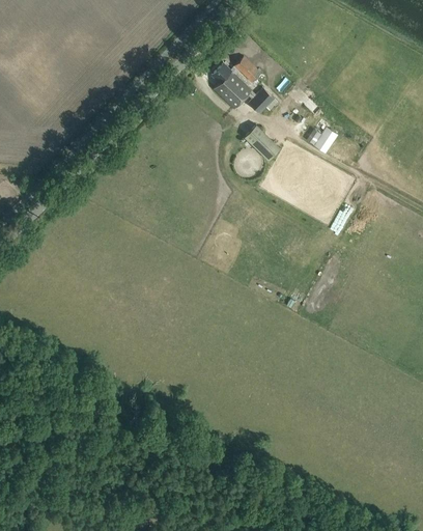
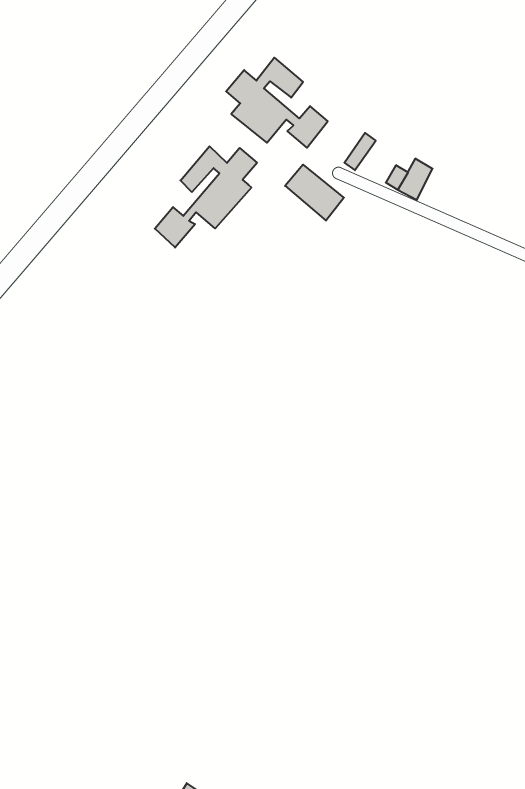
building: none -> [155,146,257,248]

